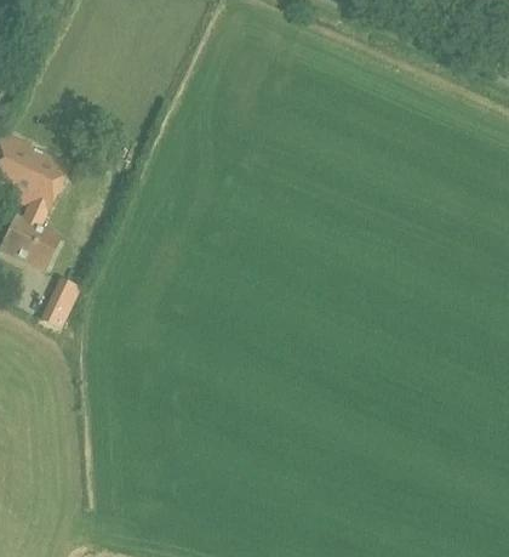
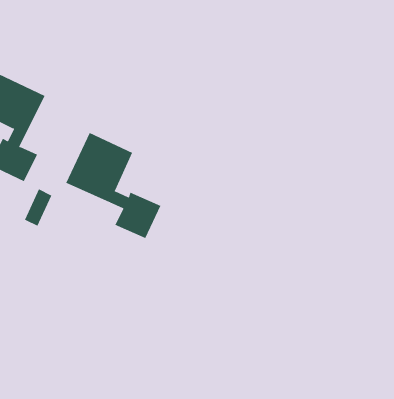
building: none -> [66,132,161,239]

